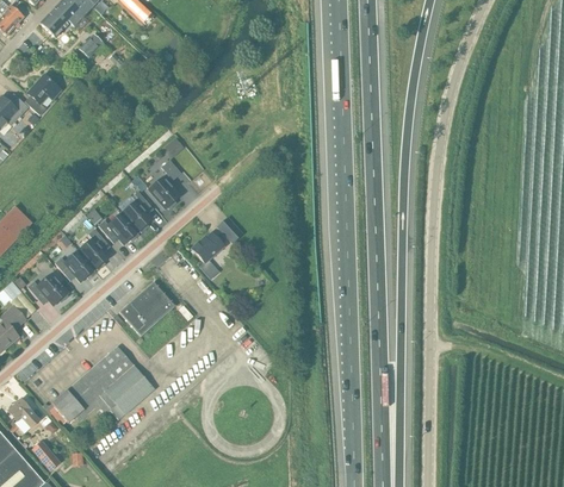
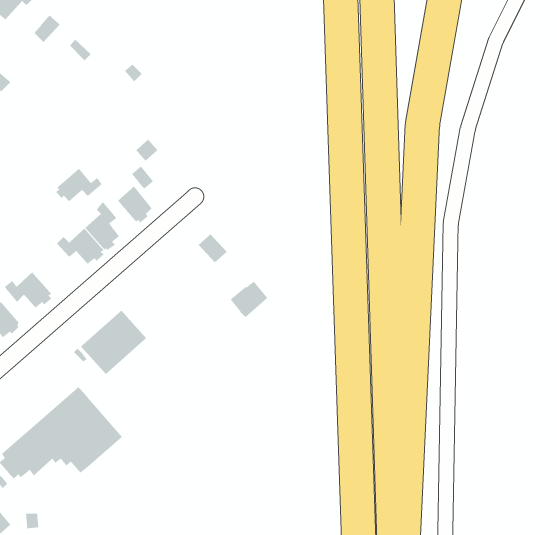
building: none -> [55,168,102,202]
building: [78,227,109,269] -> none
building: [191,231,223,262] -> [230,281,268,318]

